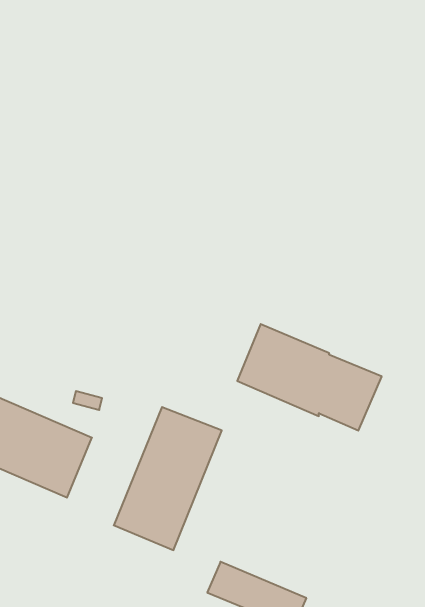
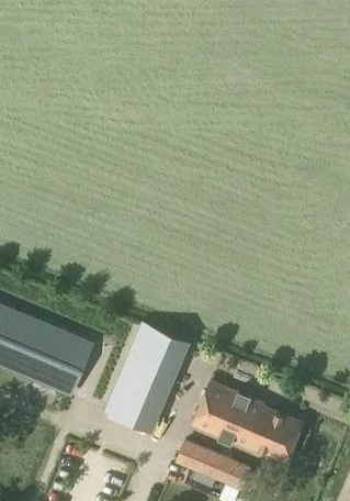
building: [237,324,382,431] -> [193,381,302,461]

